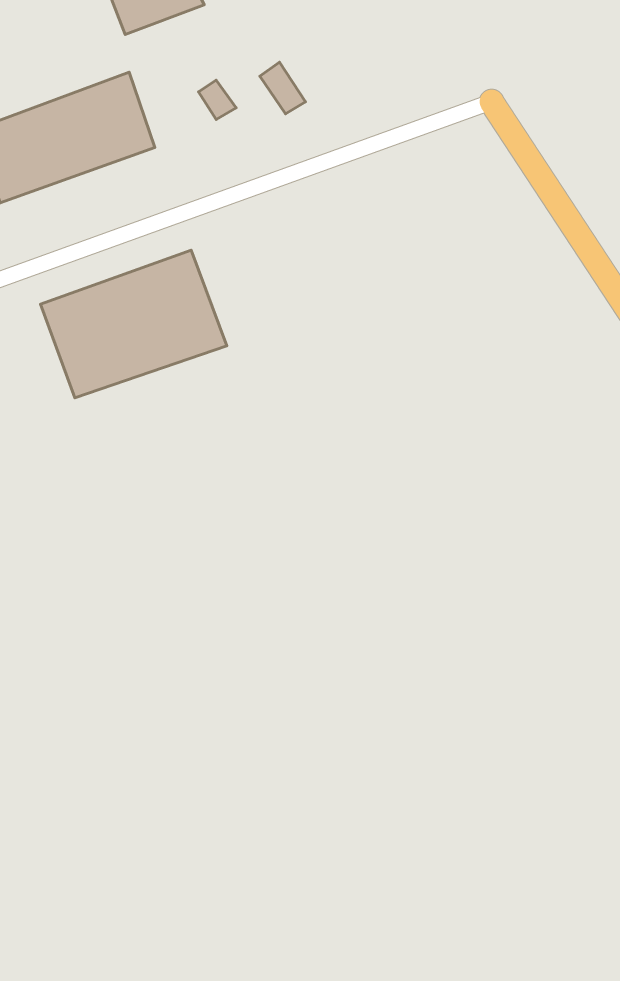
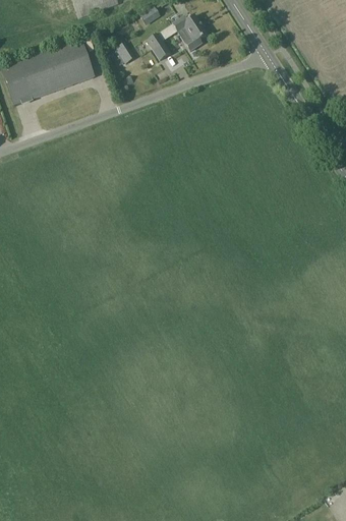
building: none -> [173,14,208,50]
building: [41,250,227,398] -> none

